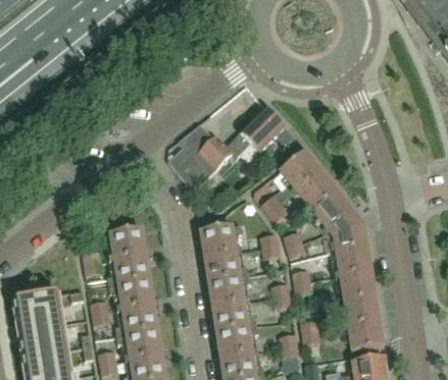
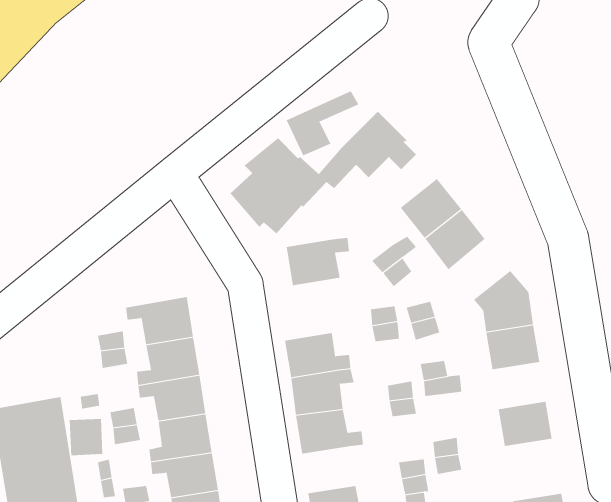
building: [311,191,352,230] -> none
building: [200,225,242,257] -> [286,237,350,286]
building: [340,271,376,302] -> none
building: [348,321,384,351] -> none
building: [215,325,257,357] -> none

